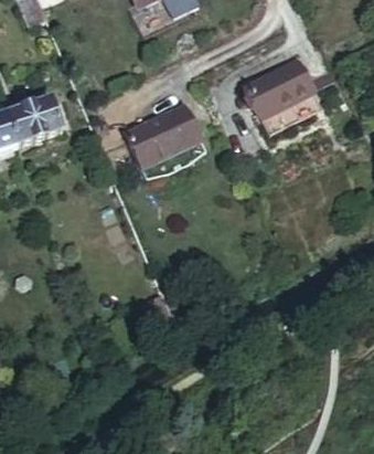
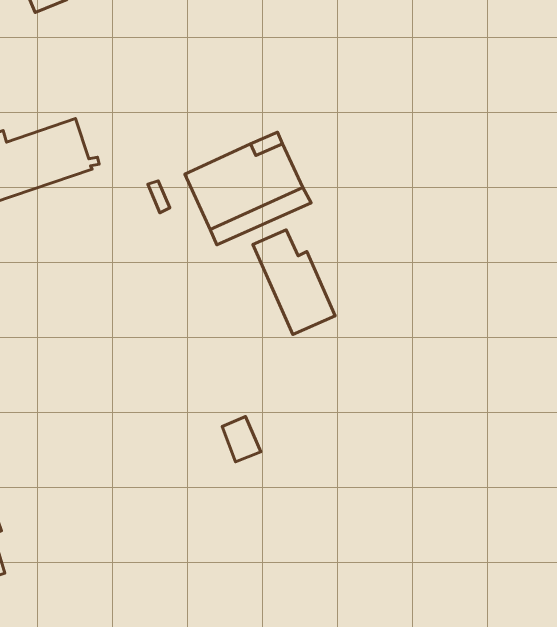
building: [246,64,316,123] -> none
building: none -> [253,230,335,334]

